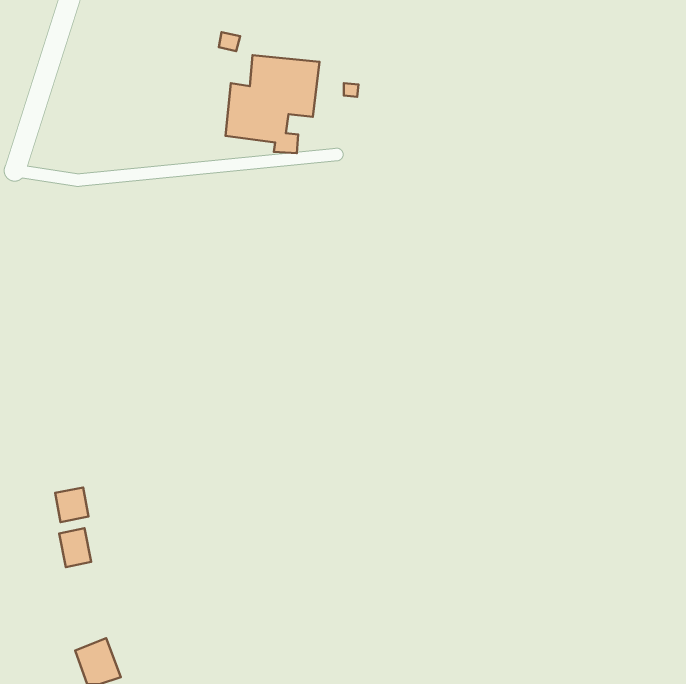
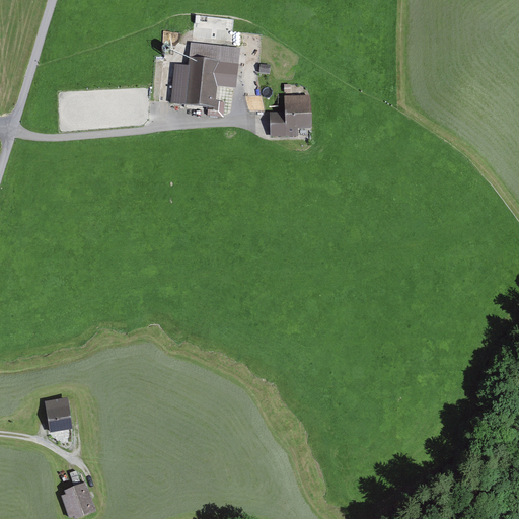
building: none -> [270,95,312,136]
building: [55,487,89,522] -> none

